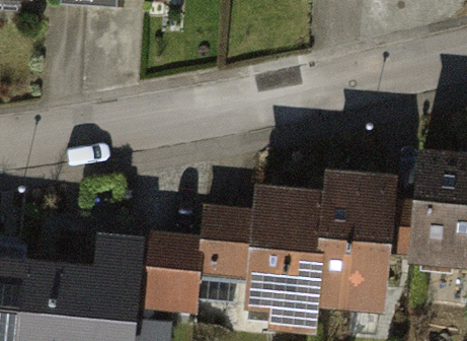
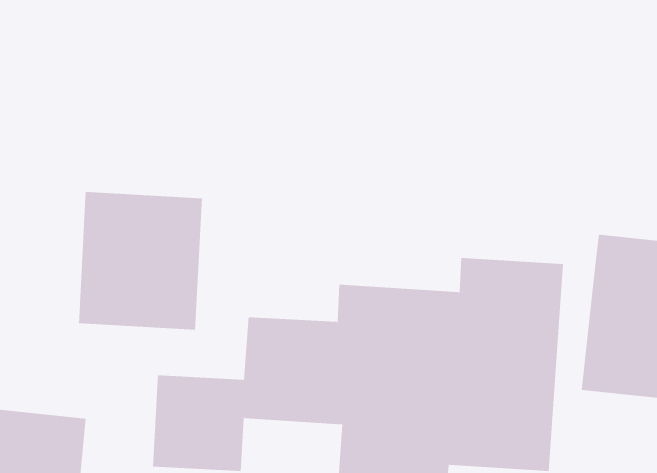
building: none -> [79,191,202,330]

